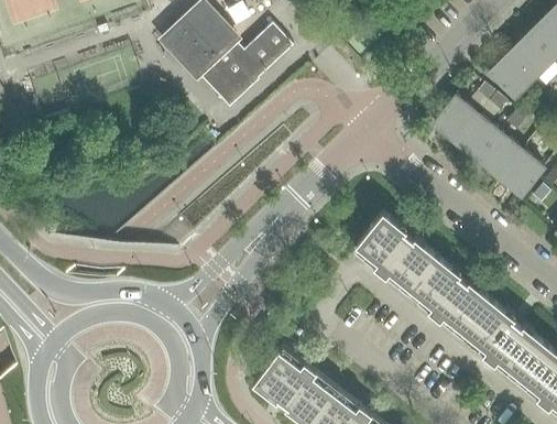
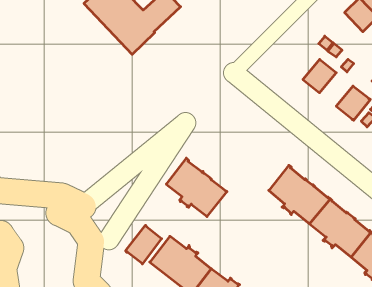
building: [487,54,532,99] -> none
building: [430,97,474,142] -> none
building: [474,133,518,177] -> none
building: [353,211,434,289] -> [166,158,227,217]
building: none -> [126,225,162,264]

